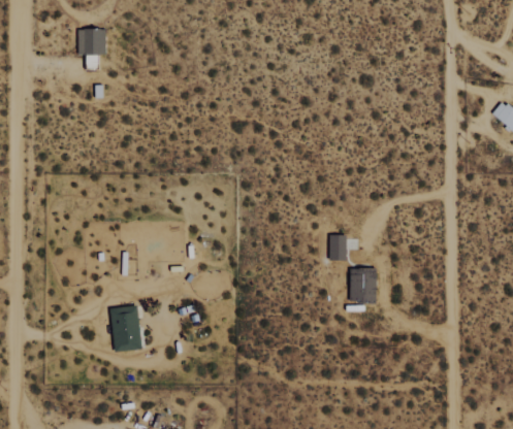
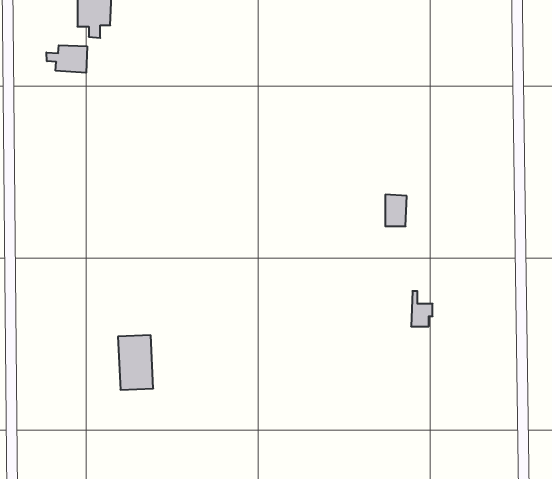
building: none -> [46,45,87,73]
building: [330,234,348,260] -> [385,195,407,226]

